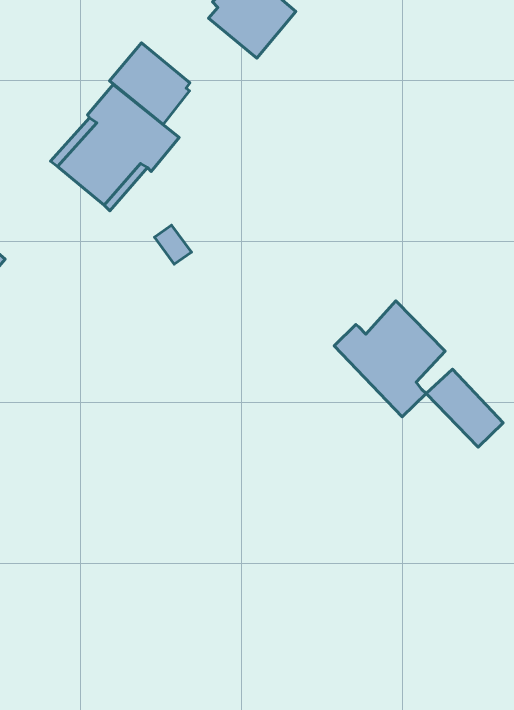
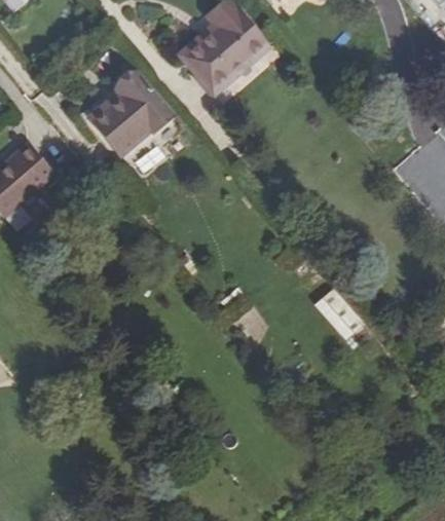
building: [109,43,190,125] -> [183,37,235,92]
building: [334,301,445,417] -> none

